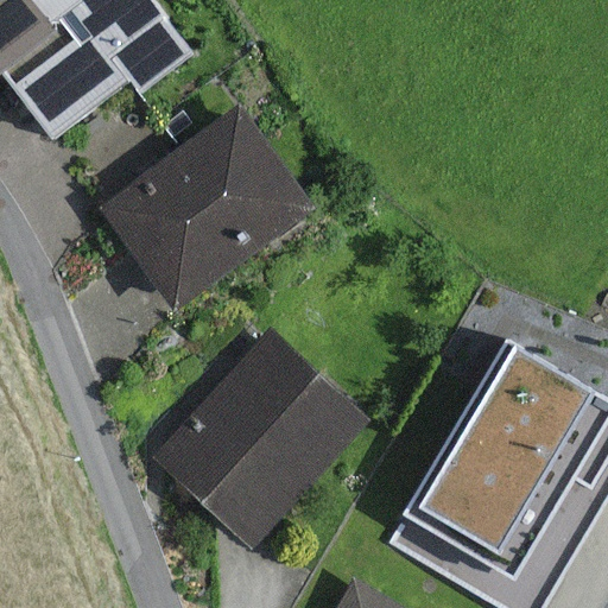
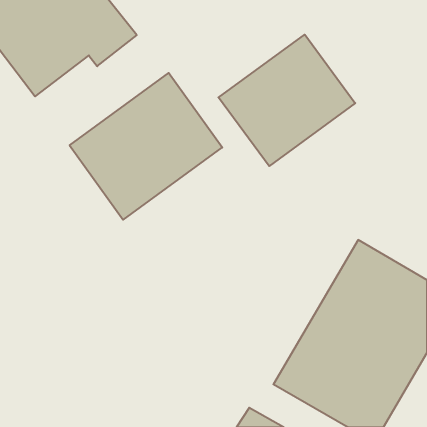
building: none -> [218,35,355,166]
building: [151,325,372,549] -> none

